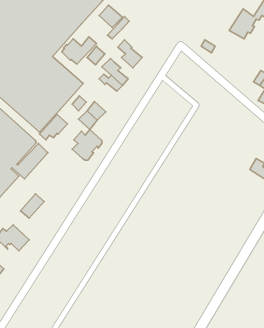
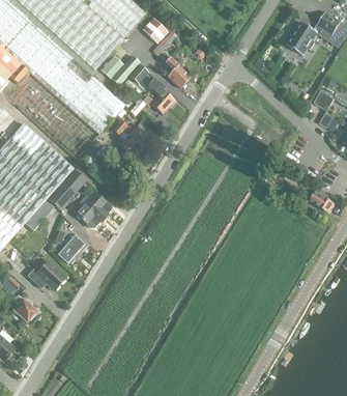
building: [72,129,102,160] -> [76,192,109,226]

